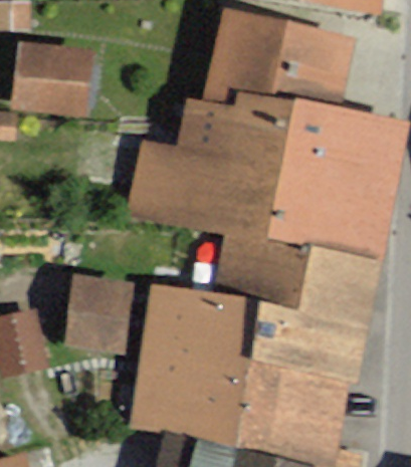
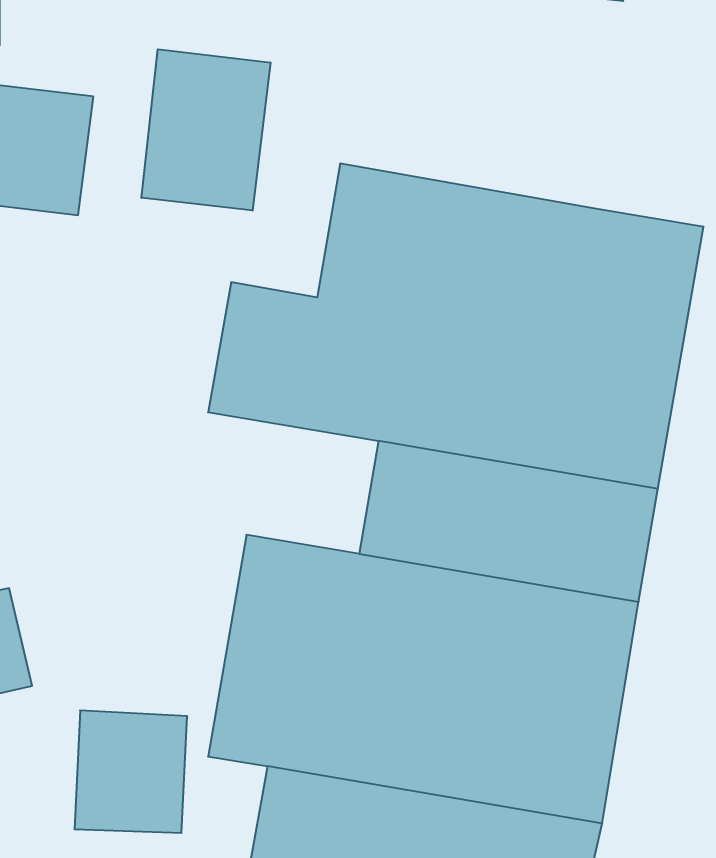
building: [206,10,357,112] -> none
building: none -> [141,49,270,211]
building: [73,281,133,345] -> [74,710,187,833]

